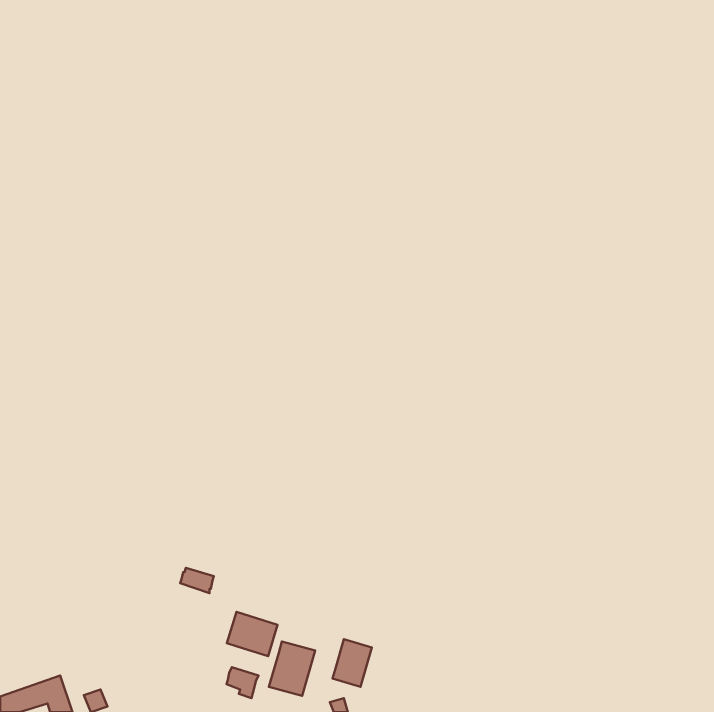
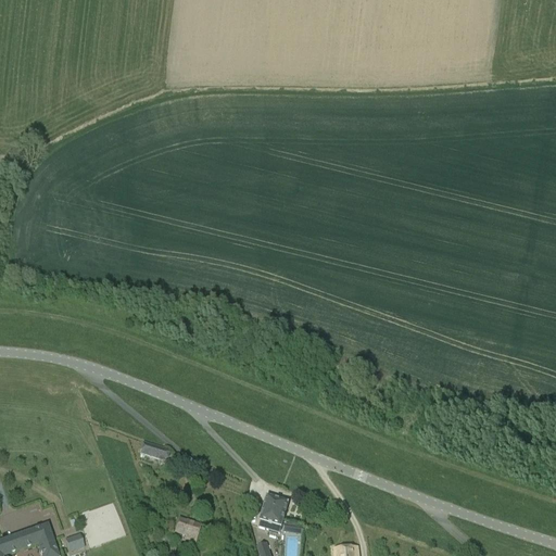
building: [227,612,278,656] -> none
building: [269,642,315,696] -> none

